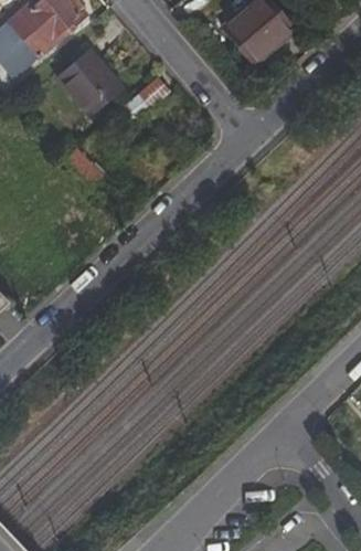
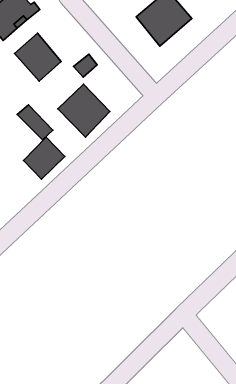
building: none -> [58,84,110,137]
building: none -> [24,137,65,179]

